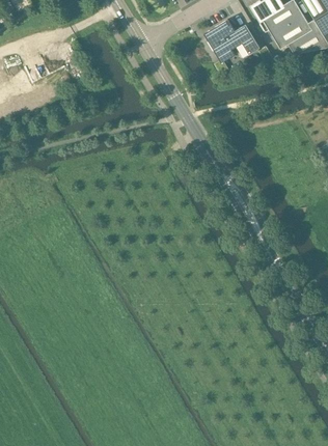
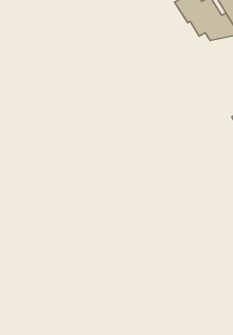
building: [203,18,261,62] -> none

